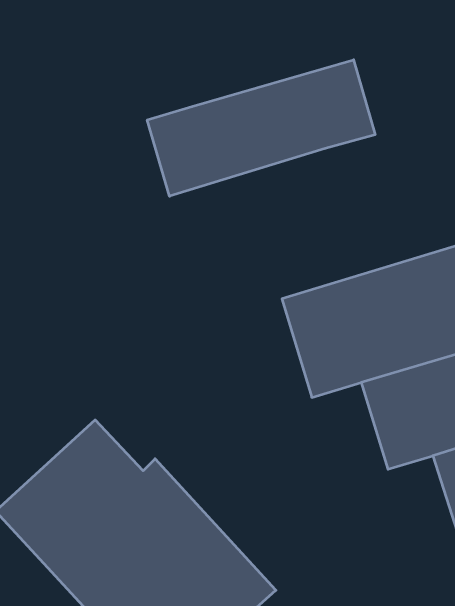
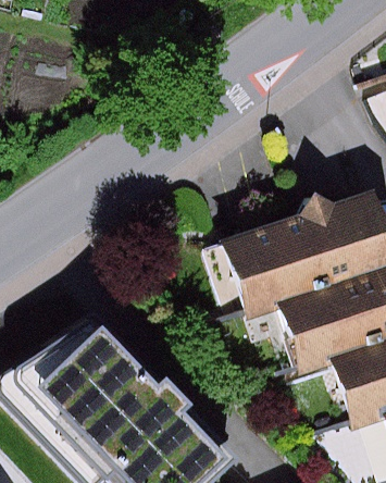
building: [147,60,375,196] -> none

